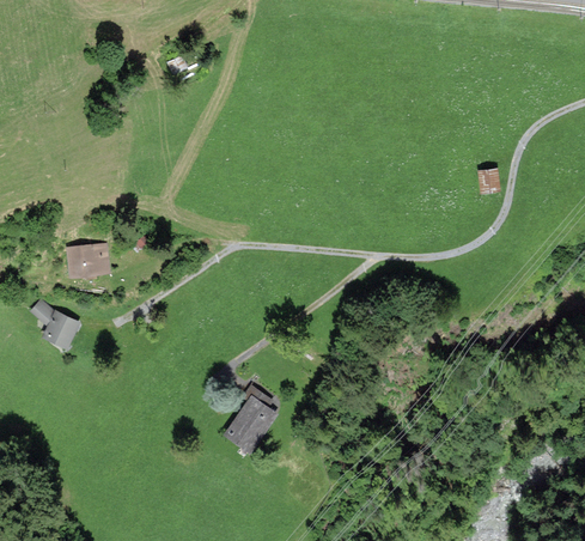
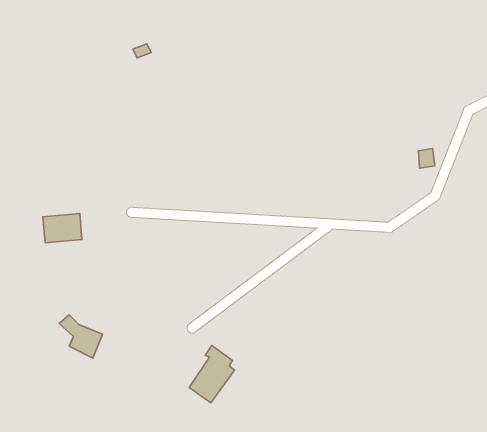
building: [30,300,78,348] -> [59,315,103,358]

